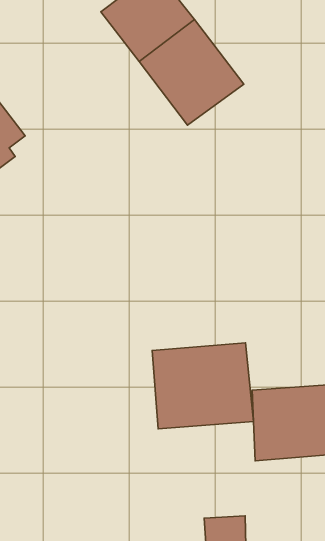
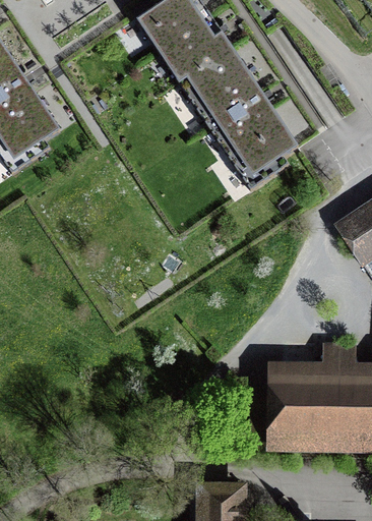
building: none -> [208,91,297,186]
building: [152,343,253,429] -> none

